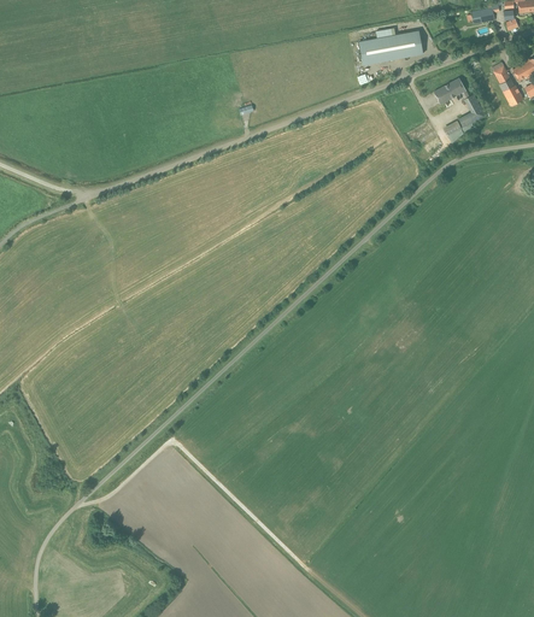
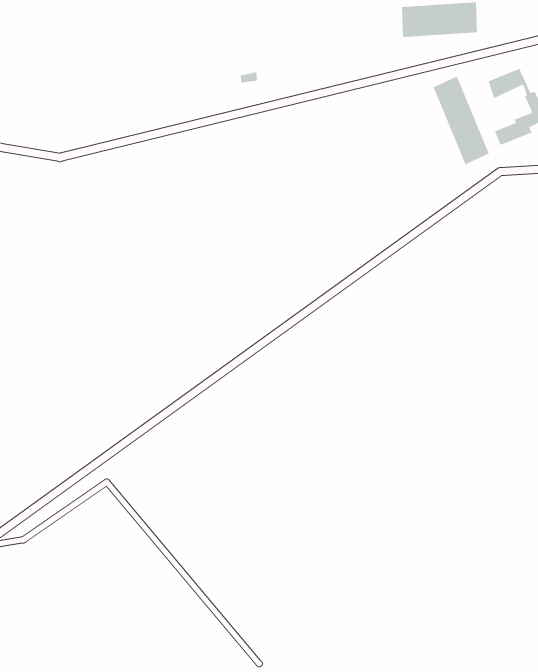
building: none -> [433,76,490,165]

